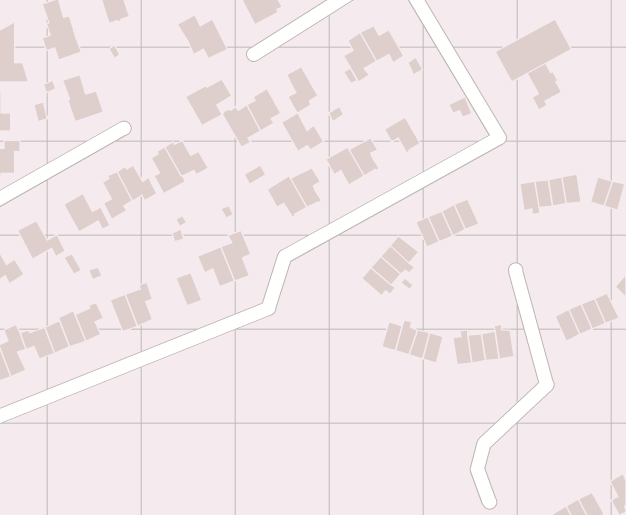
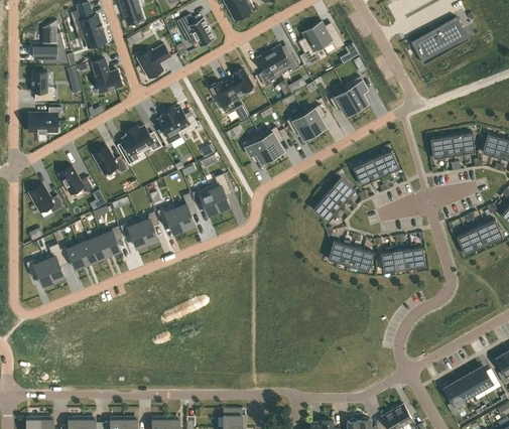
building: [527,63,561,110] -> none
building: [185,79,232,125] -> [136,44,170,79]
building: none -> [343,77,368,109]
building: [281,113,324,151] -> [268,45,299,74]
building: none -> [157,203,183,233]

